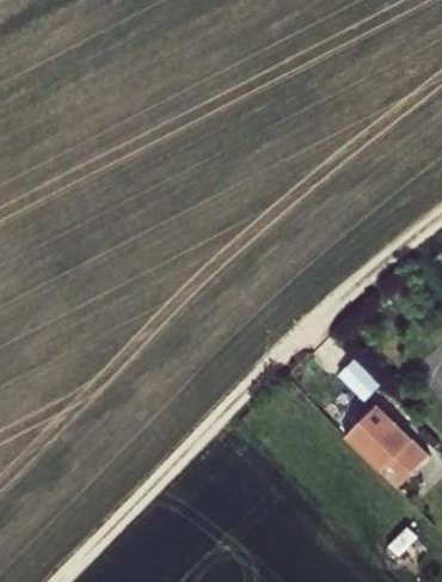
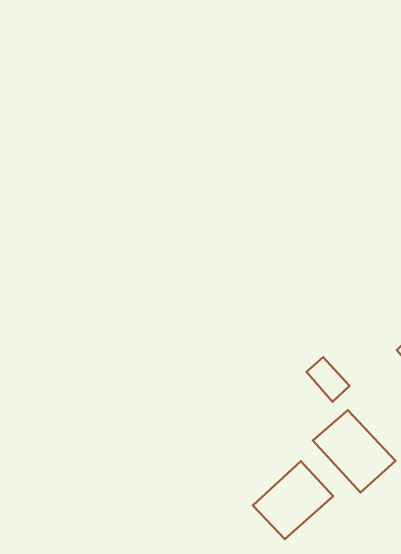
building: none -> [253,461,333,539]

